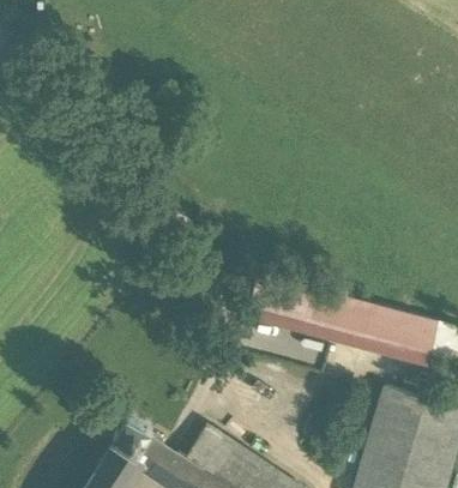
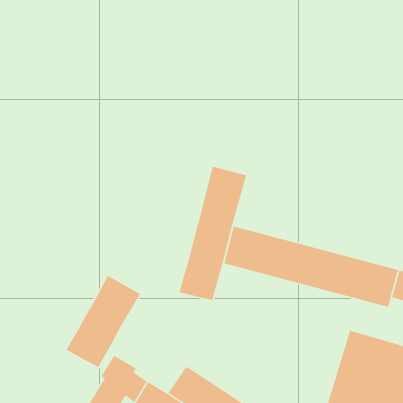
building: none -> [179,166,247,301]
building: none -> [65,275,141,368]

